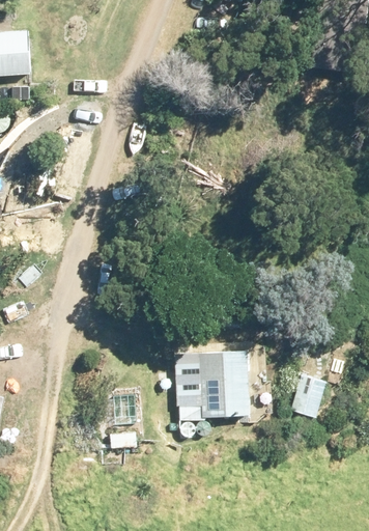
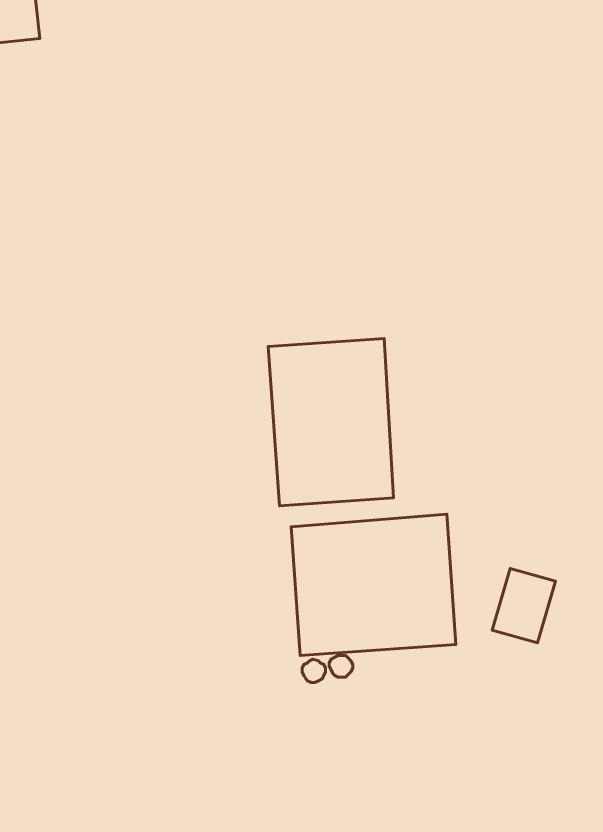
building: none -> [268,339,394,506]

